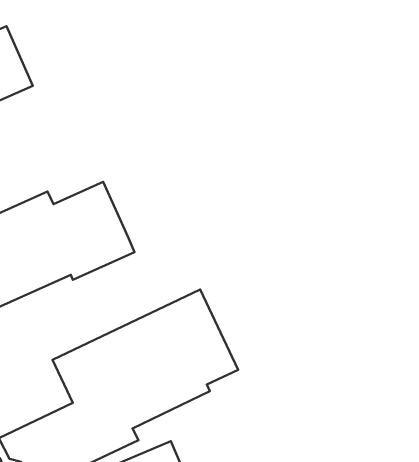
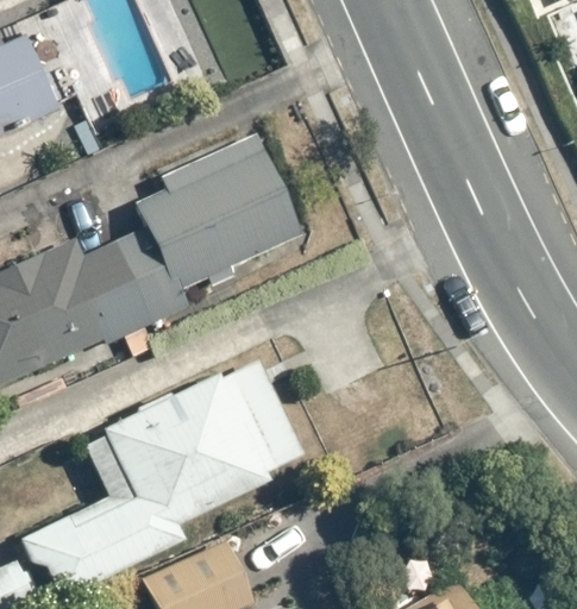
building: none -> [133,133,302,291]

